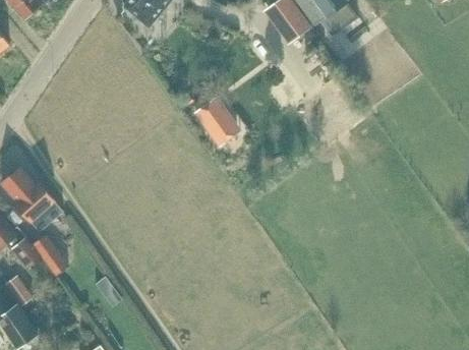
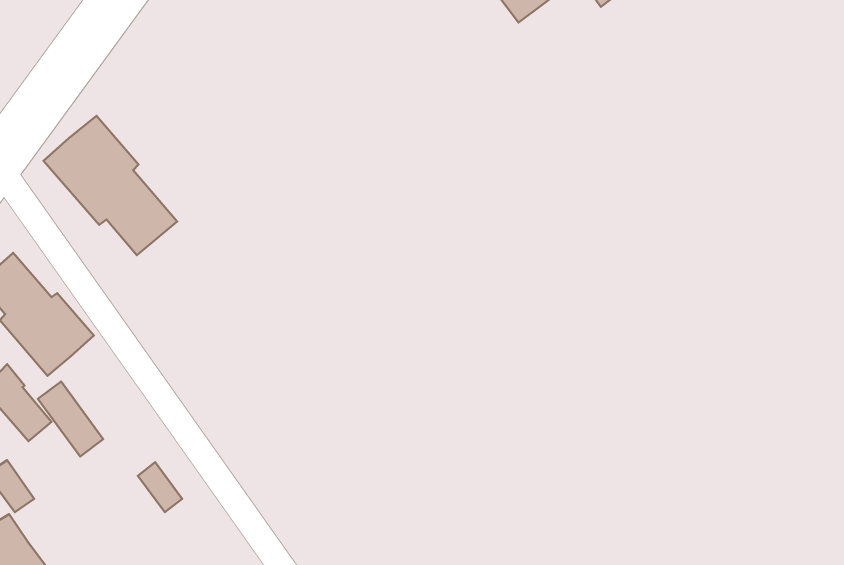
building: none -> [44,116,177,255]
building: [194,99,231,140] -> none

